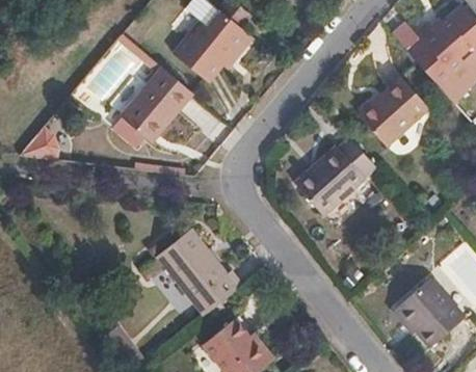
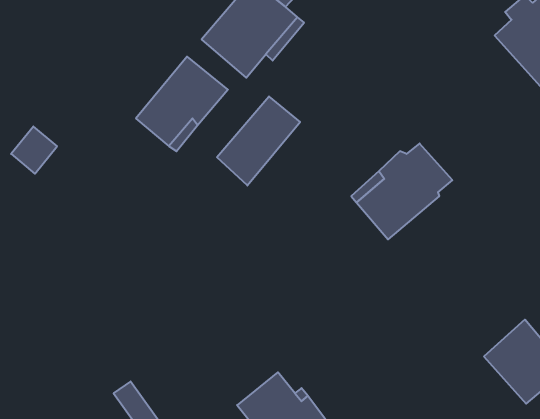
building: [358,79,428,148] -> none
building: none -> [217,96,300,186]
building: [159,229,242,316] -> none

